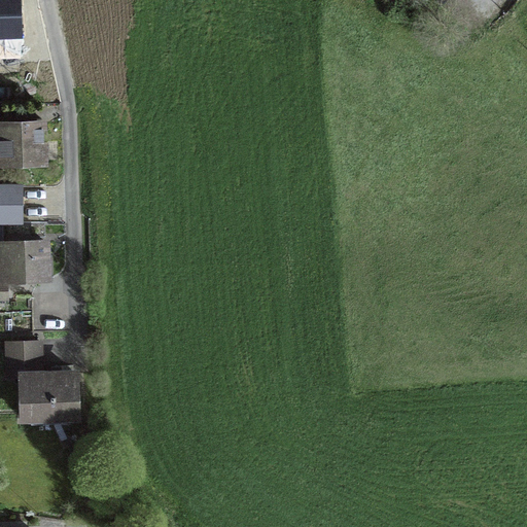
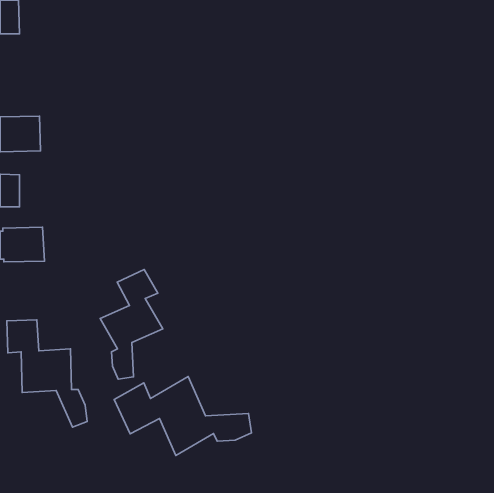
building: none -> [100,269,163,379]
building: none -> [114,377,251,455]

